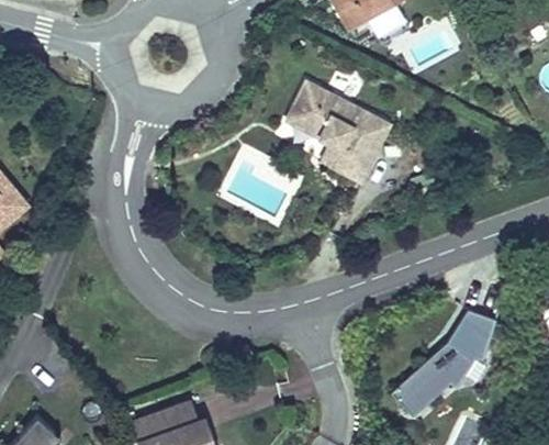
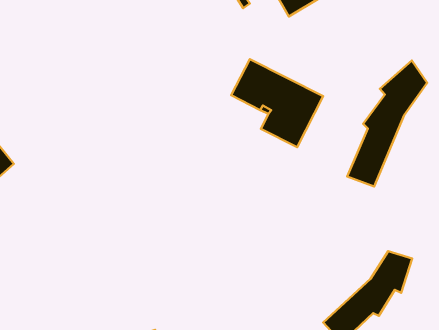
building: none -> [347,61,427,187]

